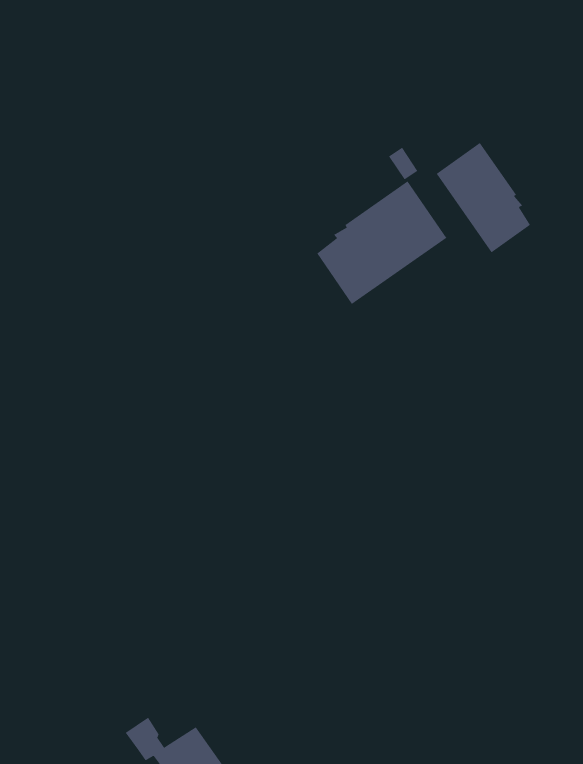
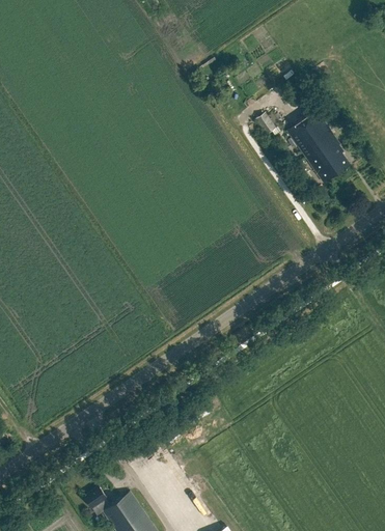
building: [316,181,447,305] -> none

